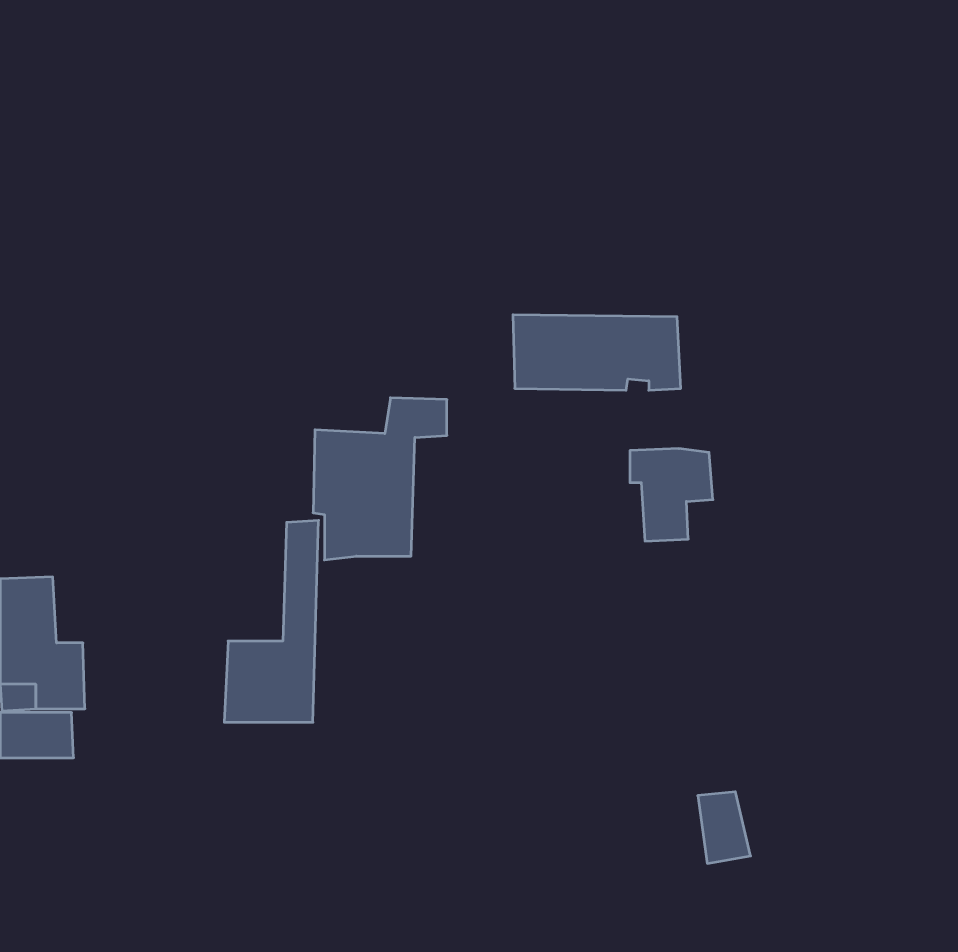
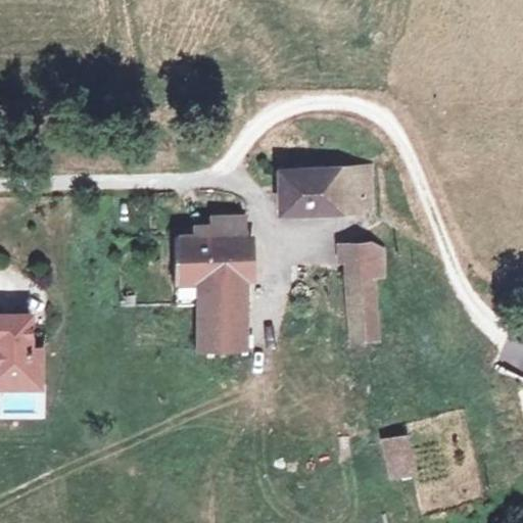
building: [224,520,319,722] -> [194,236,245,345]
building: none -> [352,292,379,338]

